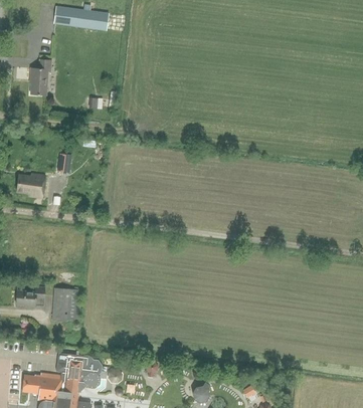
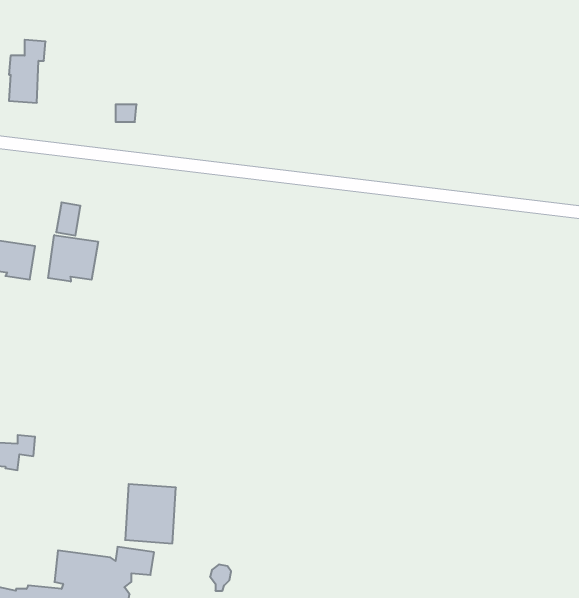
building: none -> [48,235,98,282]
building: [52,287,81,322] -> [125,484,176,543]

